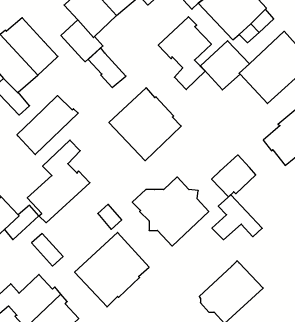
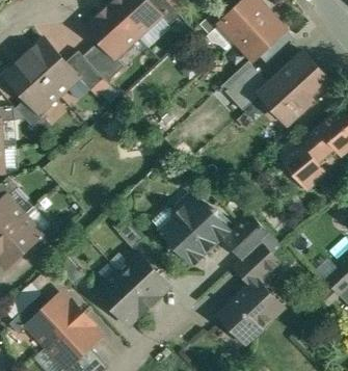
building: [158,17,211,90] -> none
building: [88,48,126,88] -> [65,51,103,90]
building: [109,88,181,161] -> none
building: [17,96,78,155] -> none
building: [27,140,90,223] -> none
building: [212,155,256,197] -> [235,243,278,285]

